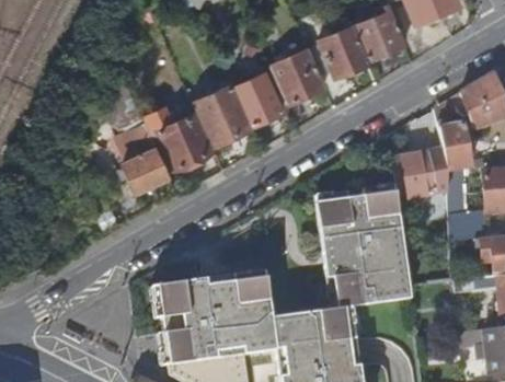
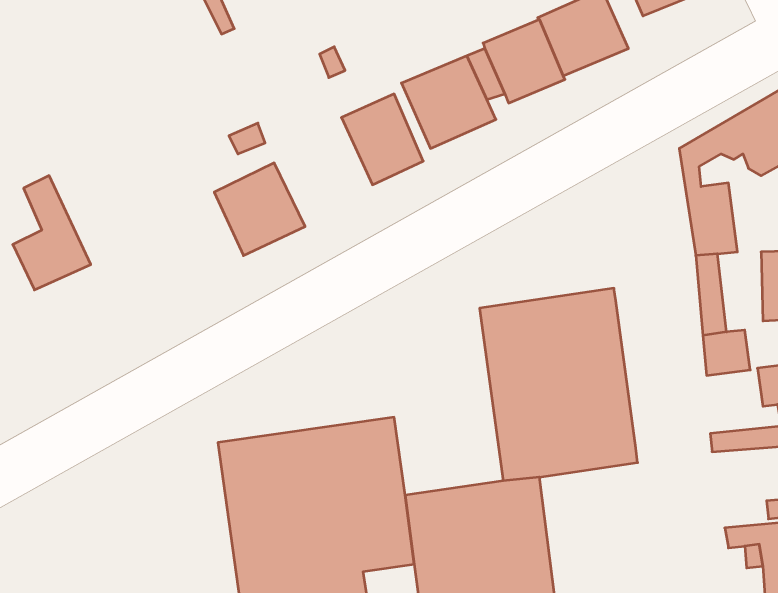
building: [193,88,252,146] -> none
building: [123,124,170,193] -> [13,176,91,290]
building: [392,152,434,198] -> none

